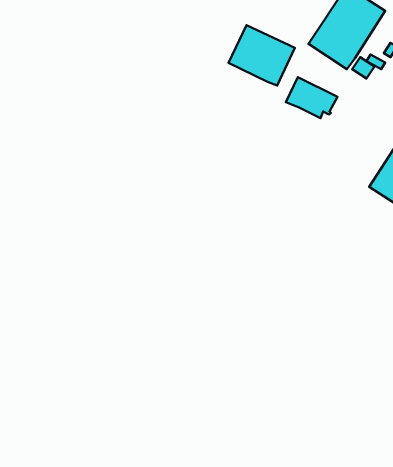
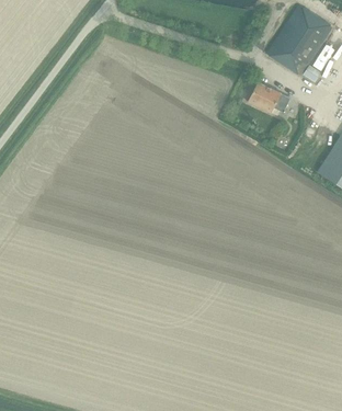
building: [229,25,295,86] -> none

